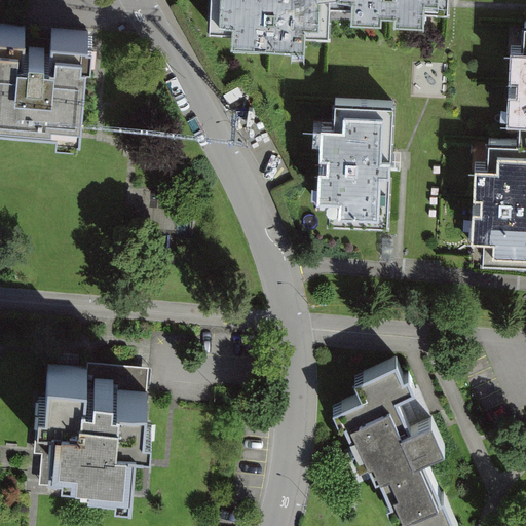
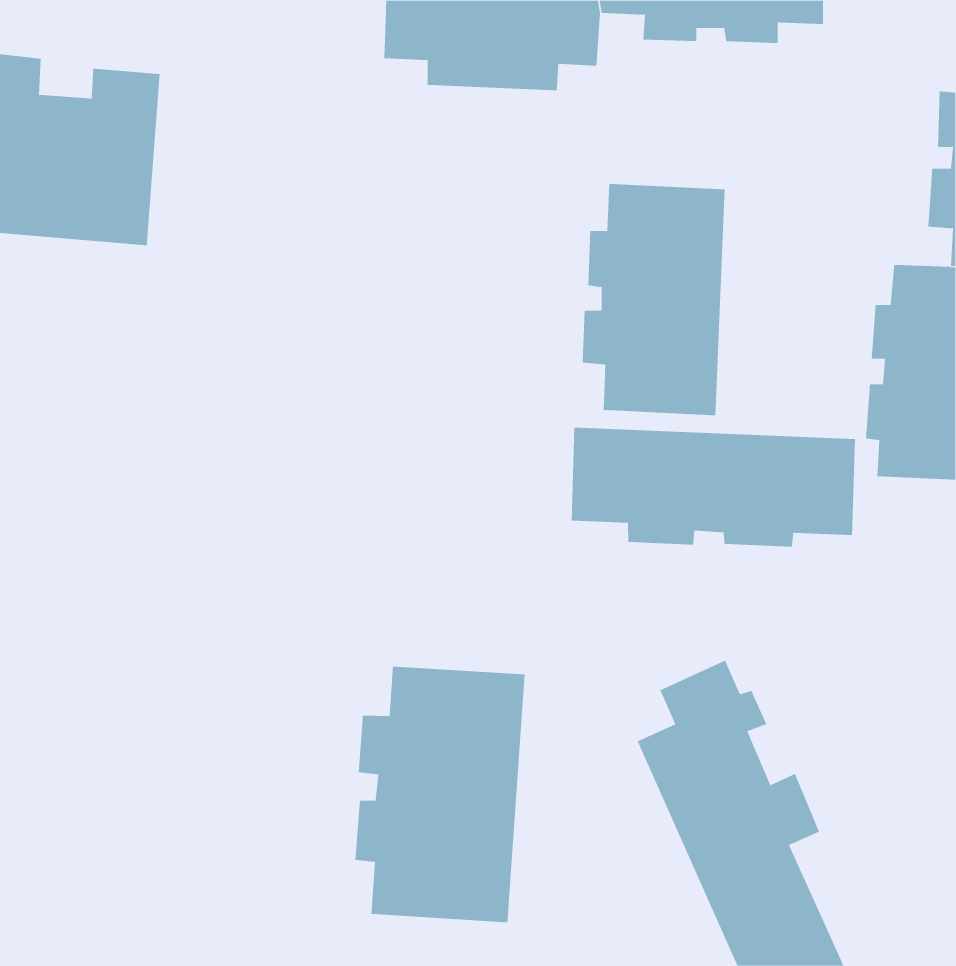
building: none -> [571,427,856,548]
building: none -> [355,666,525,923]
building: [32,367,146,494] -> none

